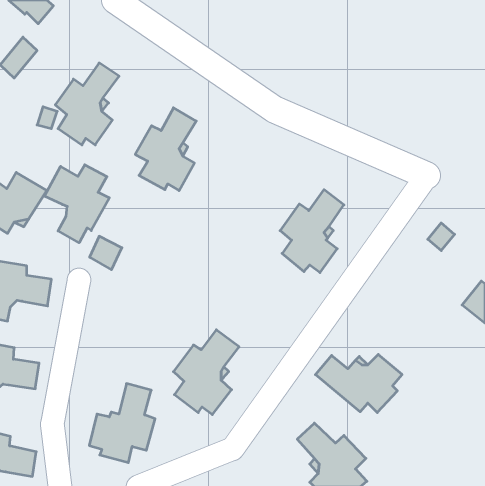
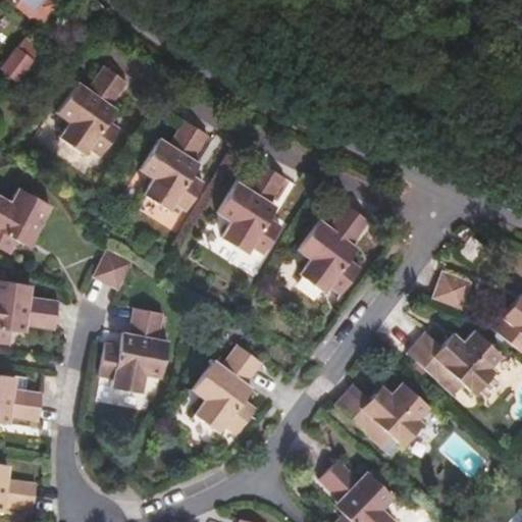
building: none -> [218,162,284,251]
building: [45,165,109,243] -> none
building: none -> [433,272,472,307]
building: none -> [409,330,502,394]
building: [89,384,155,463] -> [97,311,167,396]

